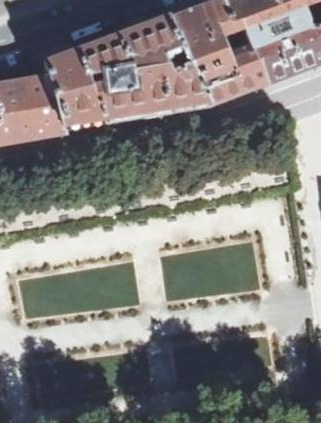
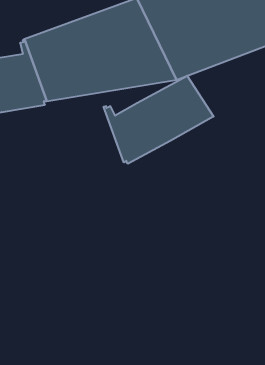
building: none -> [104,76,214,164]

